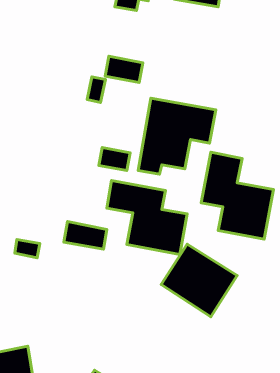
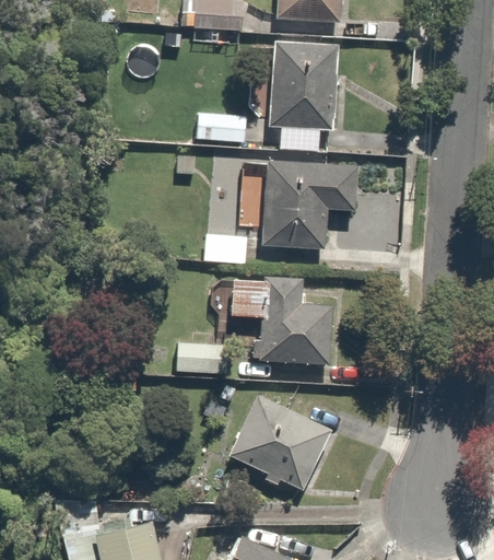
building: none -> [269,39,336,150]
building: [201,152,273,239] -> none
building: [161,244,237,317] -> [227,396,328,489]

